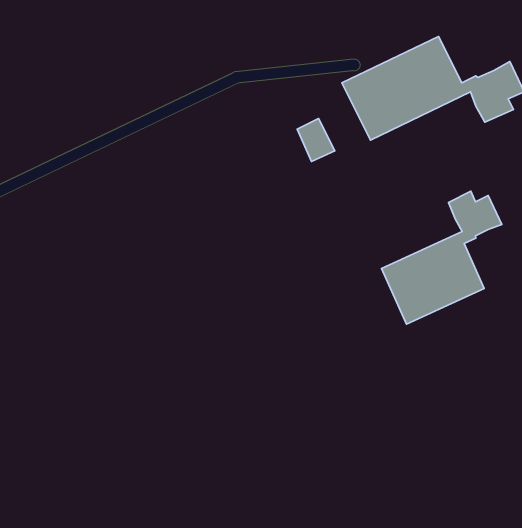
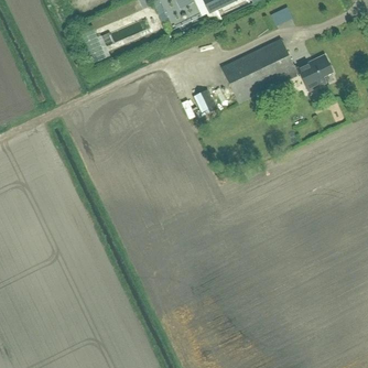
building: [381,191,502,324] -> none

